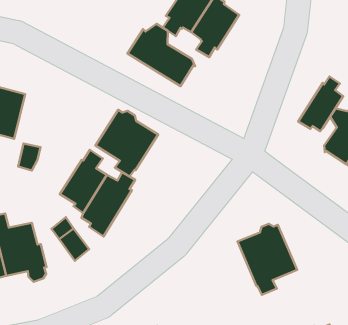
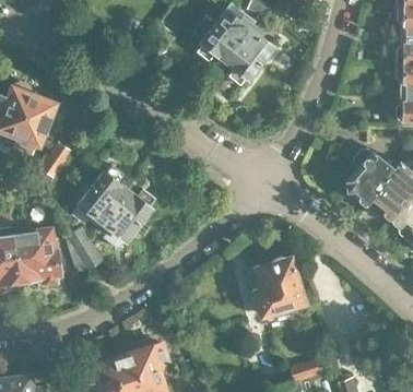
building: [127,24,195,86] -> none
building: [298,77,343,131] -> none
building: [96,110,158,176] -> none

